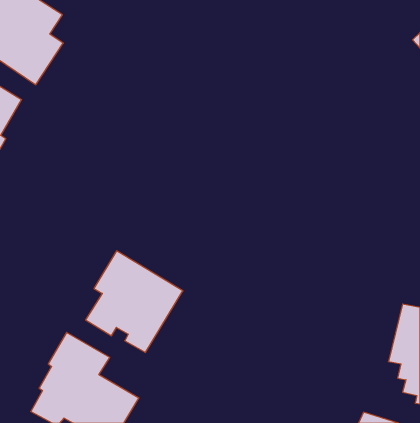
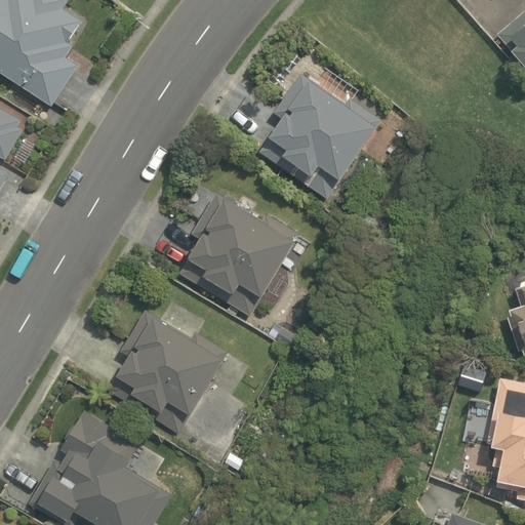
building: none -> [270,71,378,201]
building: none -> [177,193,298,319]

